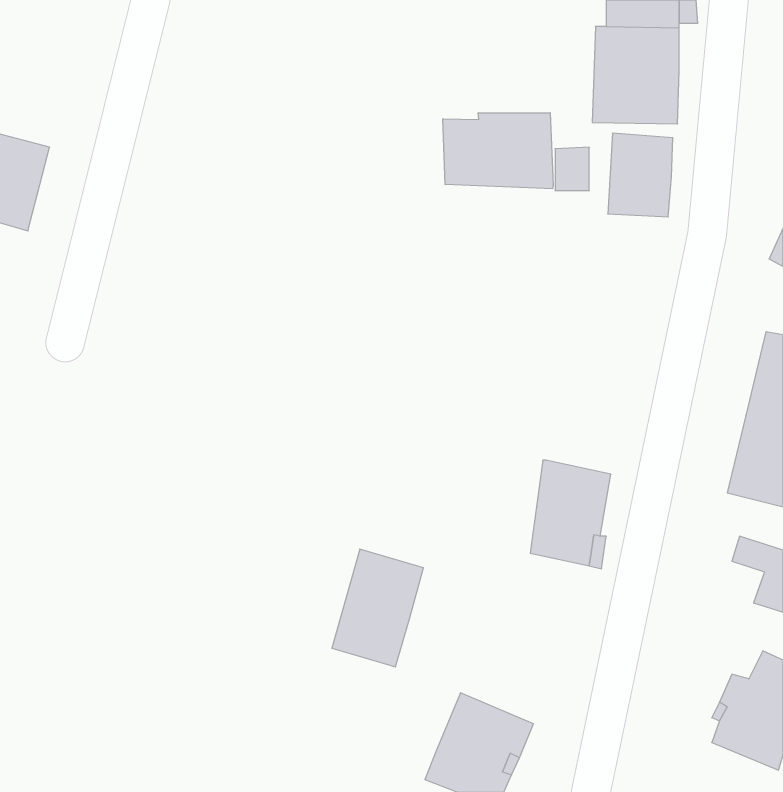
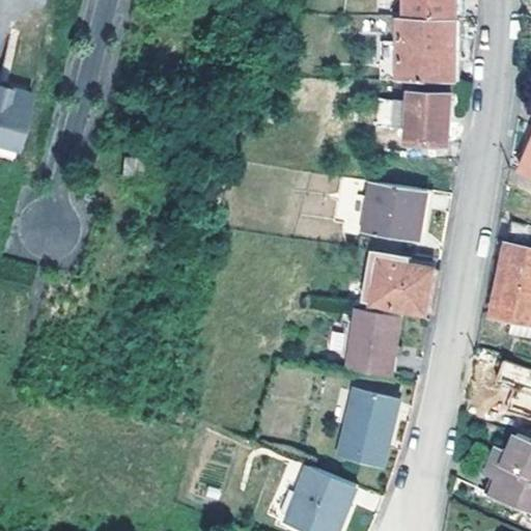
building: [443,113,553,189] -> none
building: none -> [363,180,426,240]
building: none -> [359,252,430,313]
building: [332,549,423,667] -> [335,388,396,467]

